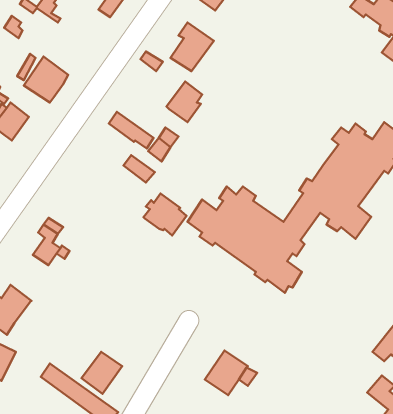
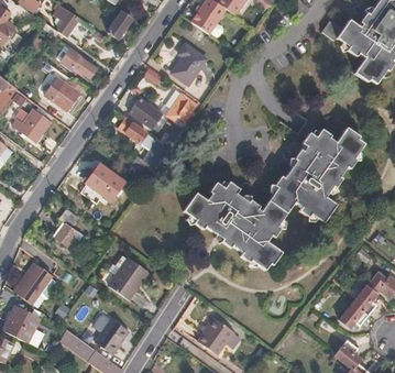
building: none -> [61,48,96,78]
building: none -> [129,98,167,128]
building: [143,194,187,236] -> [85,162,121,197]
building: none -> [107,256,150,301]

